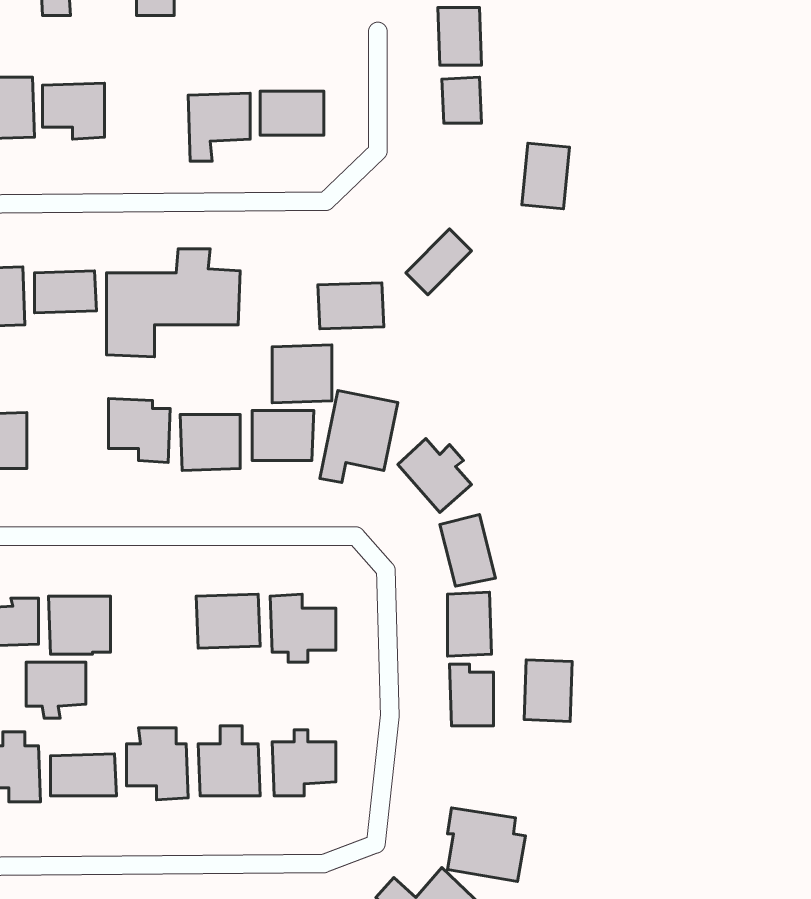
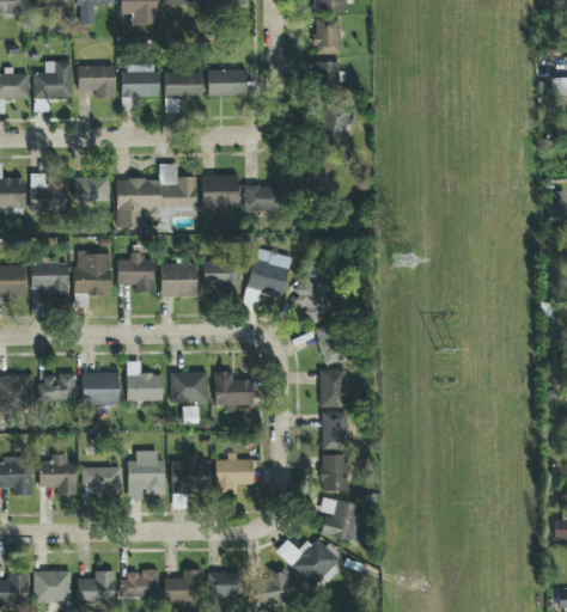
building: none -> [121,66,158,111]
building: [522,143,570,209] -> [321,104,349,143]
building: [272,345,332,403] -> [202,173,238,208]
building: none -> [74,252,111,294]
building: [524,660,572,722] -> [321,454,349,491]
building: [26,662,86,718] -> [127,374,163,408]

